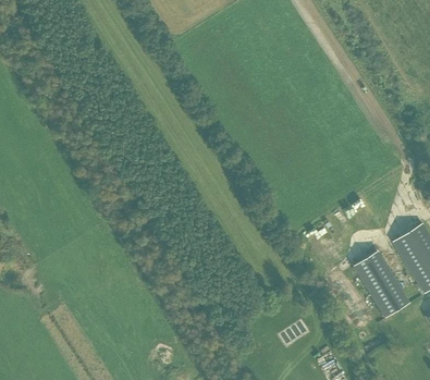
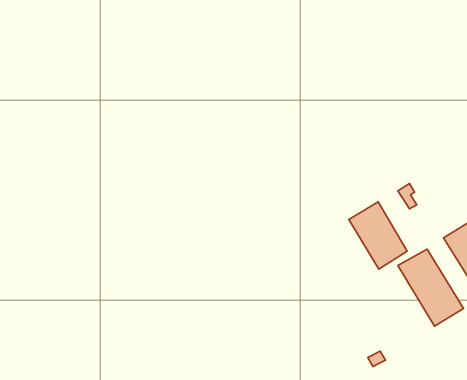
building: none -> [349,202,407,269]

